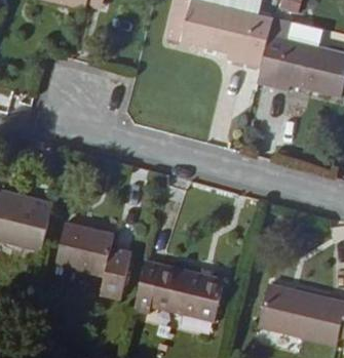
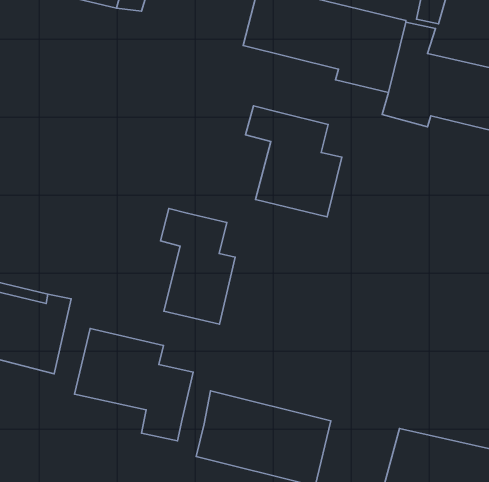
building: none -> [246,106,342,217]
building: none -> [161,208,235,324]

